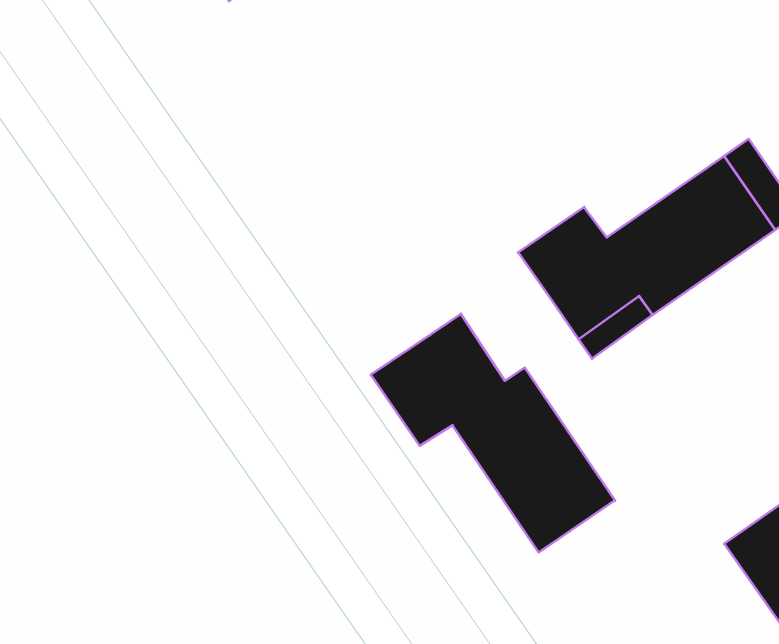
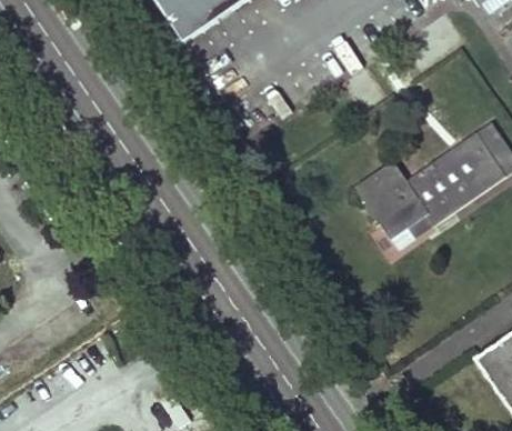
building: [371,314,615,552] -> none

